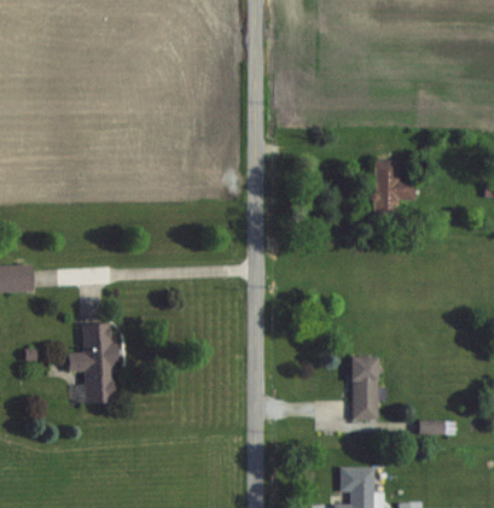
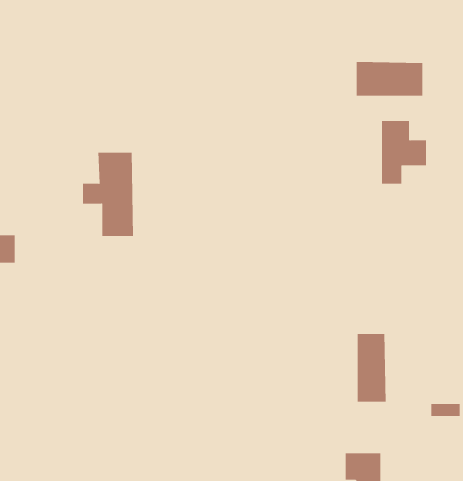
building: none -> [356,61,423,97]
building: [68,323,116,402] -> [82,152,134,237]

